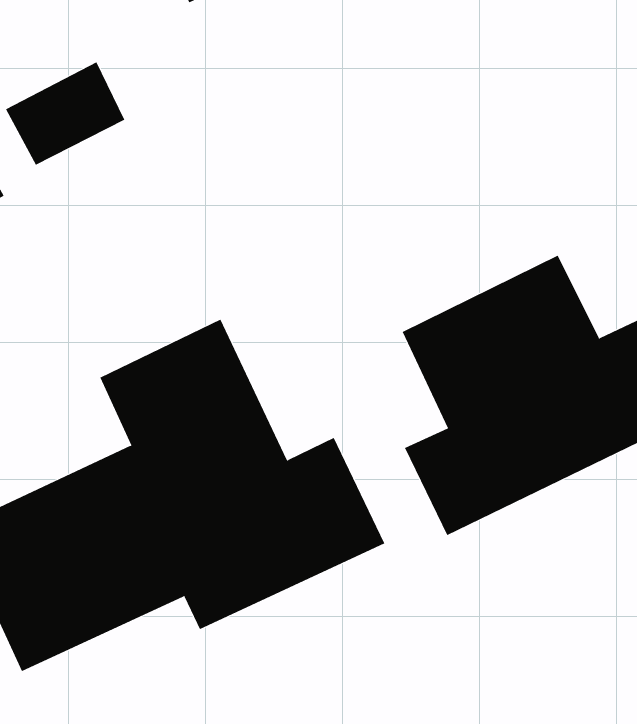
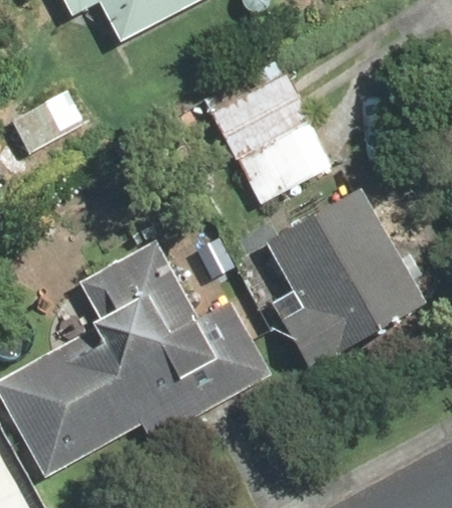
building: none -> [217,83,332,202]

